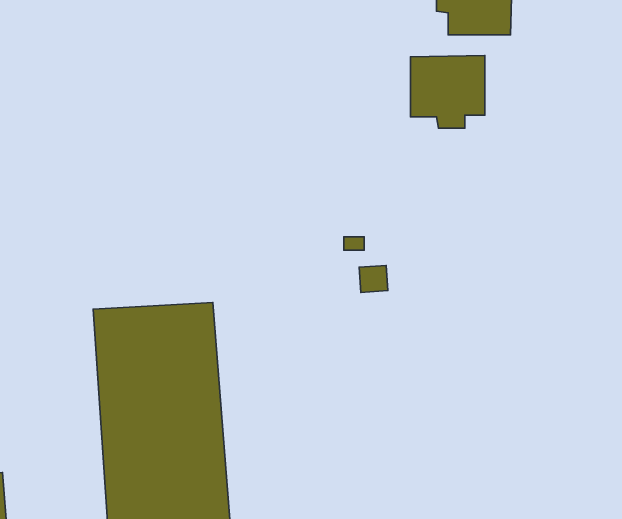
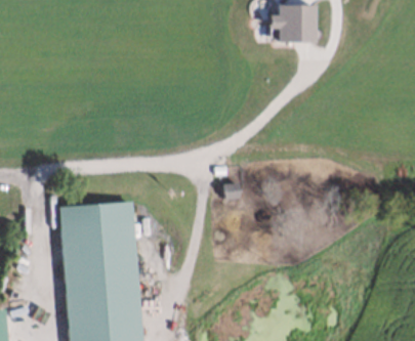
building: [411,55,485,128] -> none

